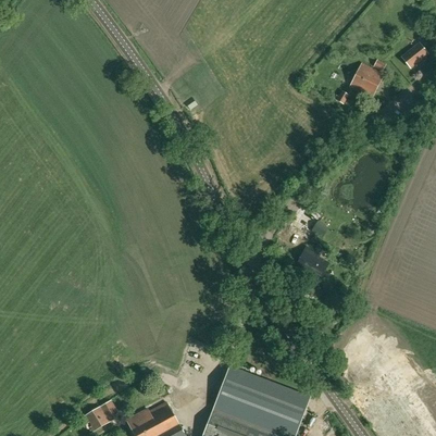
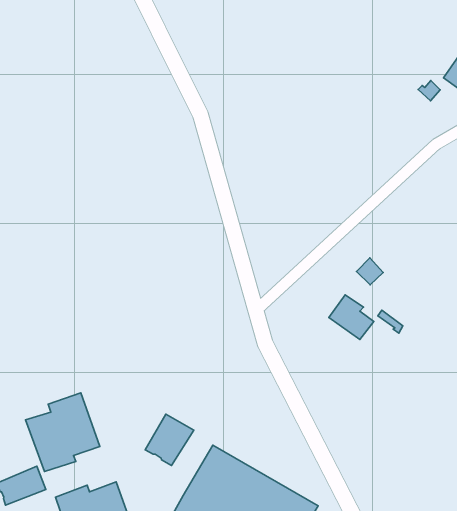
building: none -> [26,393,100,472]
building: none -> [145,414,194,466]

